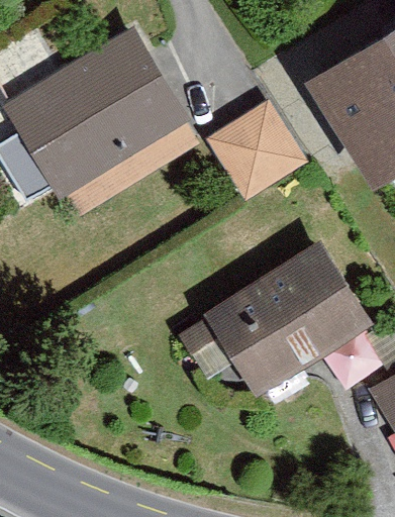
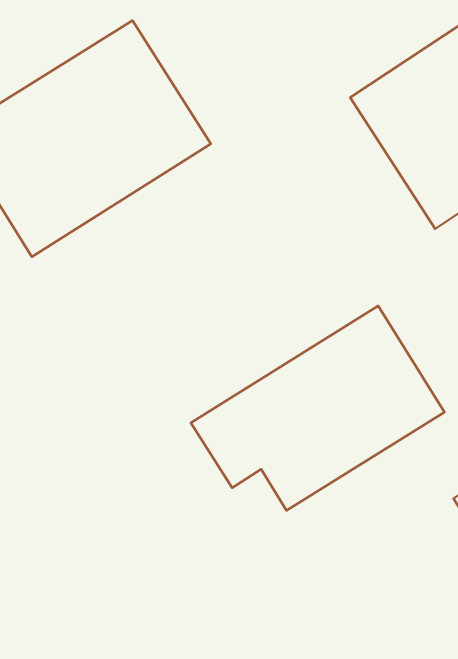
building: [213,103,308,198] -> none

